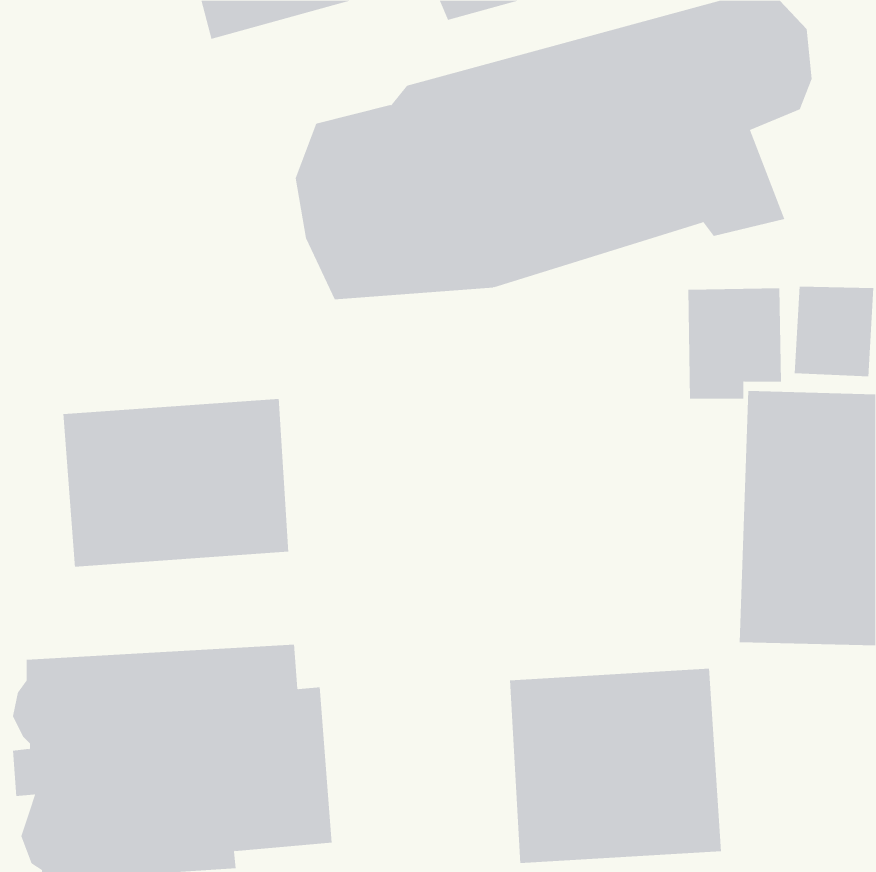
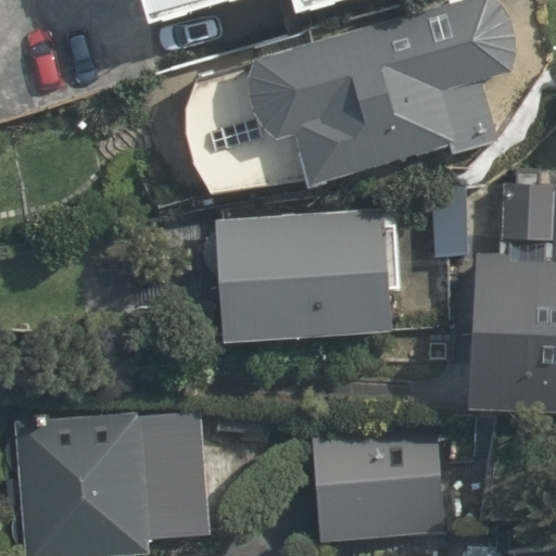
building: none -> [204,207,404,340]
building: [63,398,289,567] -> none

